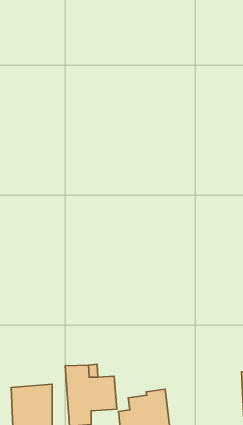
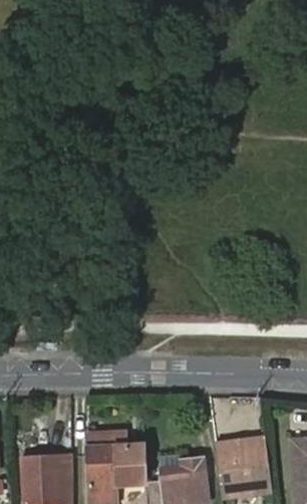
building: none -> [215,435,272,496]

